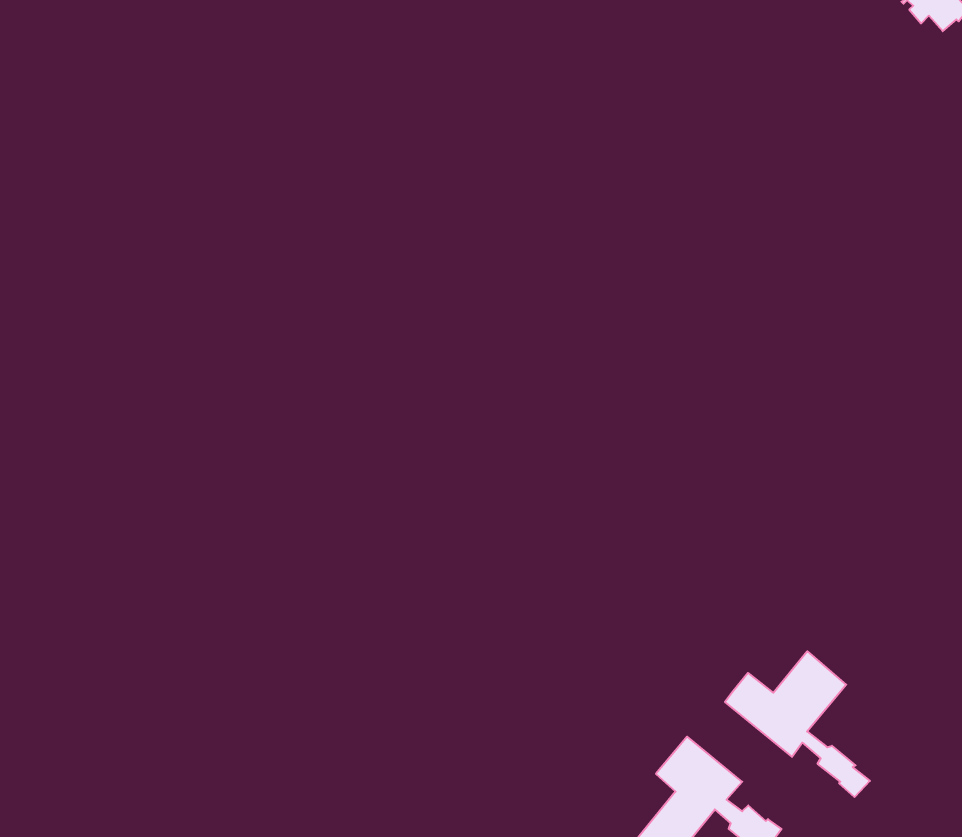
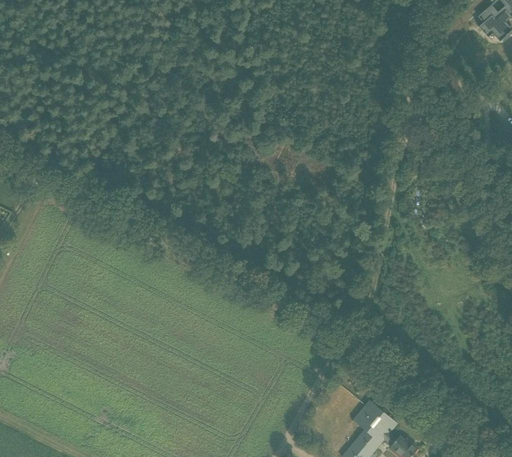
building: [725,651,870,797] -> none

